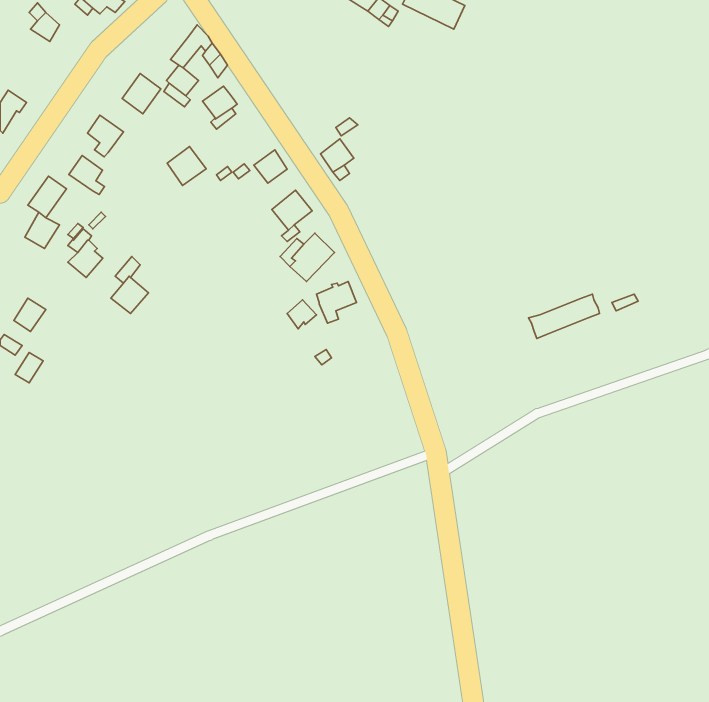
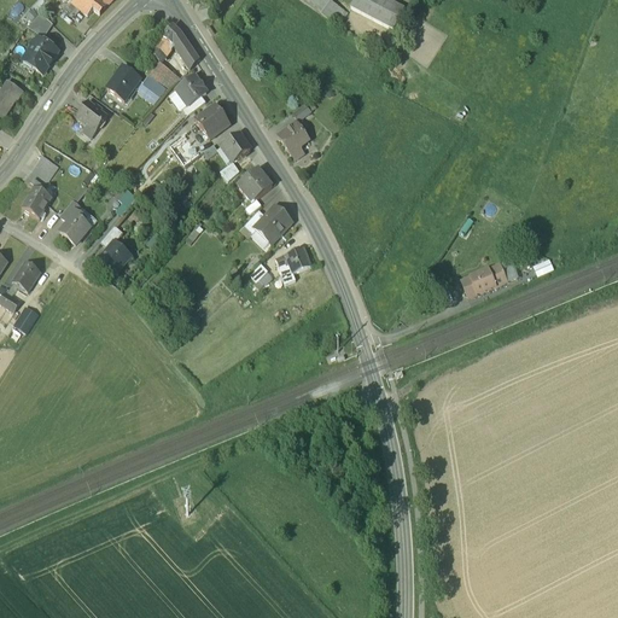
building: none -> [23,36,57,71]
building: [167,147,206,185] -> [196,103,229,136]
building: [69,155,105,194] -> none

